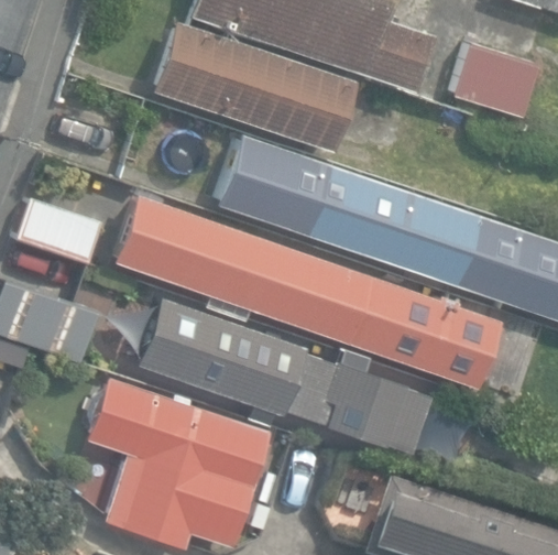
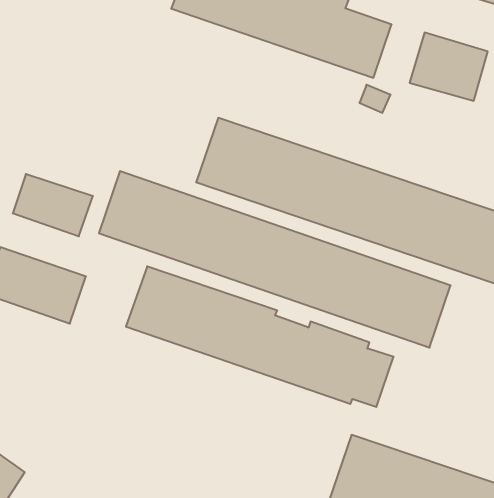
building: [156,21,360,151] -> none
building: [89,376,271,546] -> none

